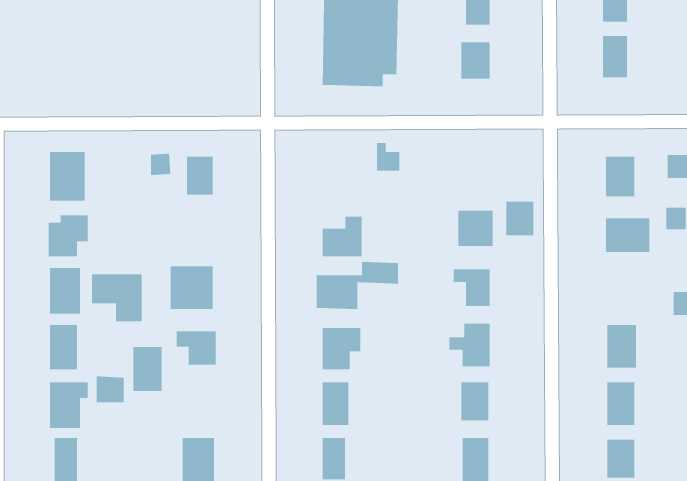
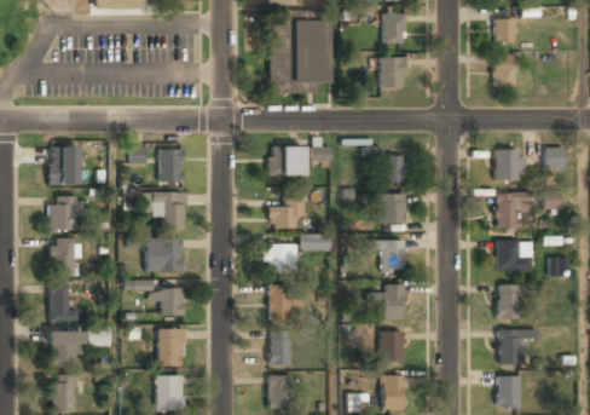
building: none -> [270,145,306,175]
building: [505,201,534,236] -> [384,155,407,183]
building: none -> [497,242,532,271]
building: [91,274,142,322] -> [144,191,185,230]
building: [132,346,163,392] -> [160,330,184,367]

